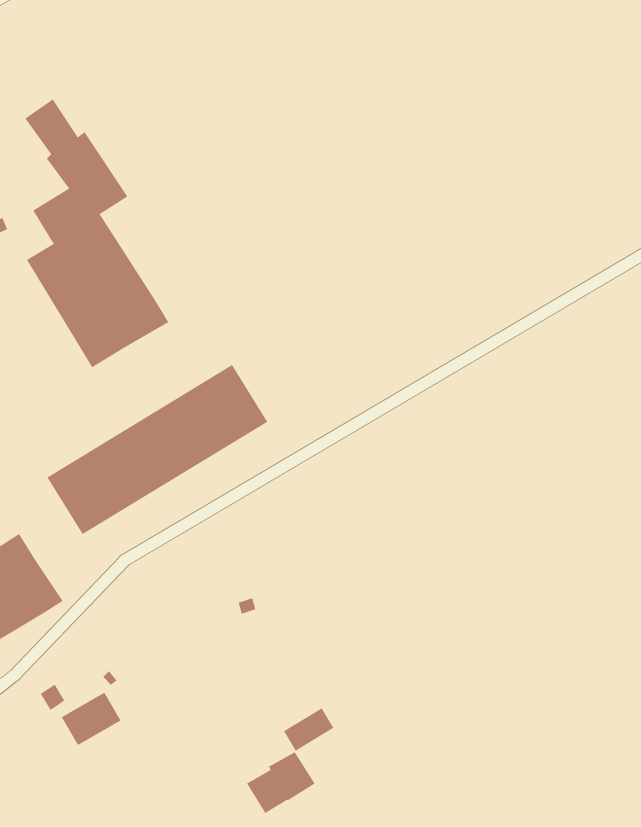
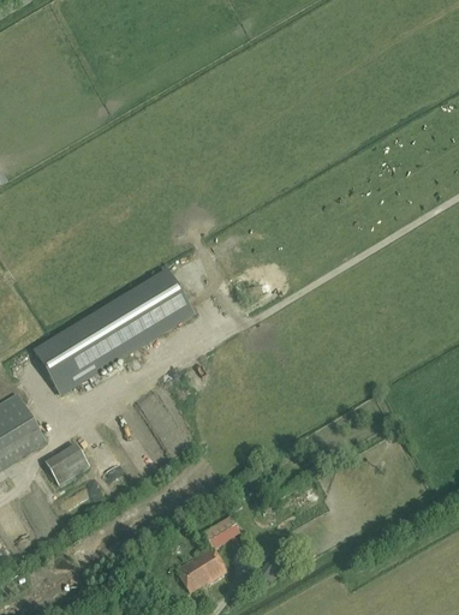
building: [25,99,169,368] -> none
building: [61,692,122,746] -> [46,446,89,484]

